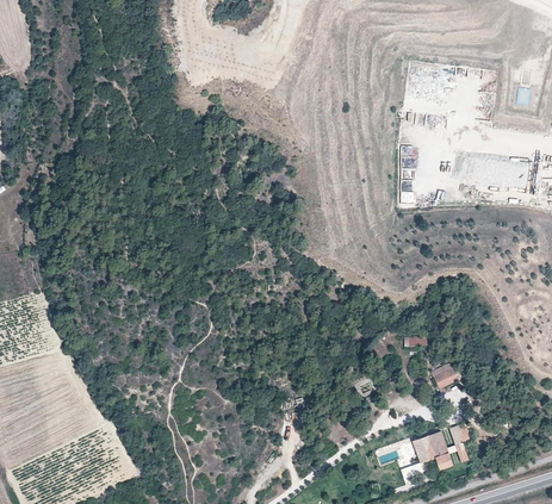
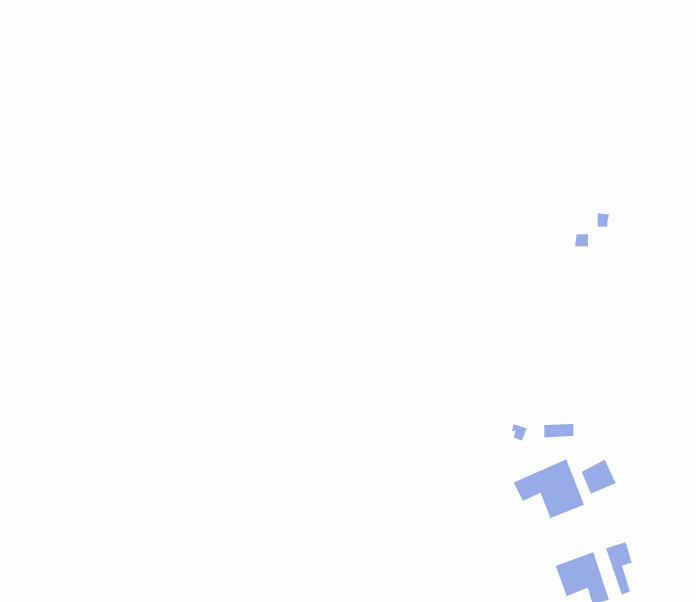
building: none -> [513,459,585,519]

